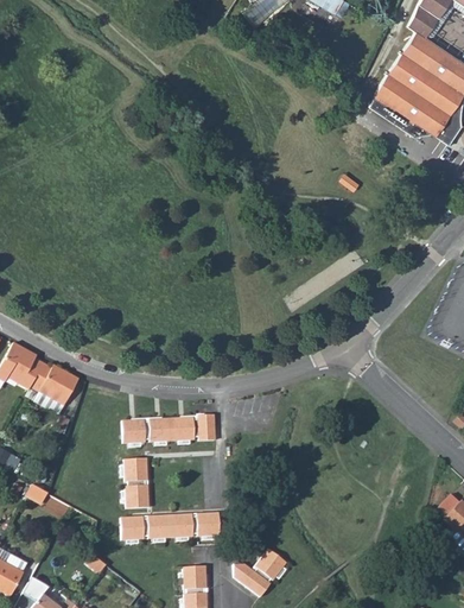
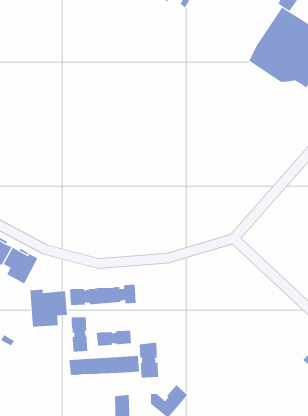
building: none -> [30,289,68,328]
building: none -> [96,330,131,346]
building: none -> [139,342,159,378]

